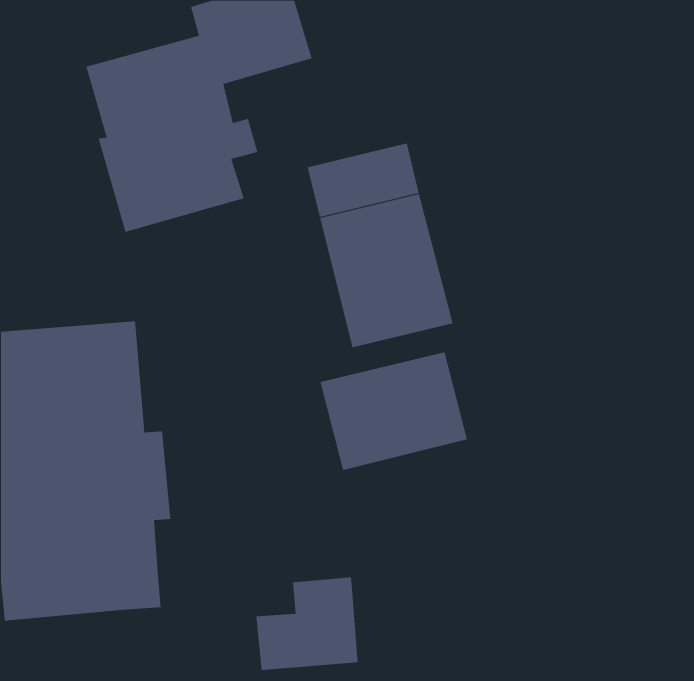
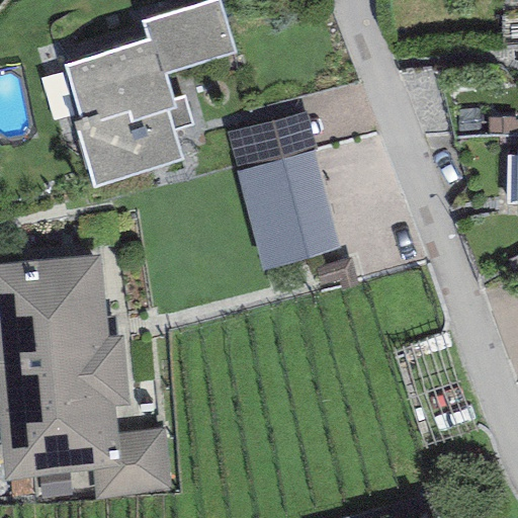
building: [320,351,468,471] -> none
building: [255,577,359,671] -> [91,435,168,505]

